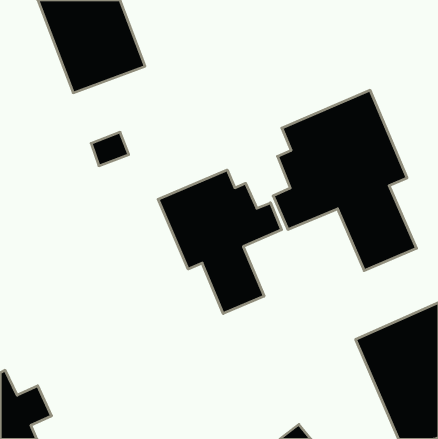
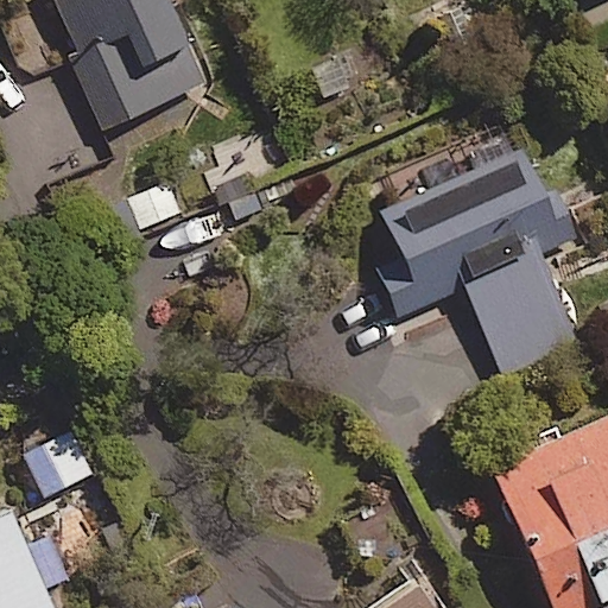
building: [158,170,282,314] -> none

